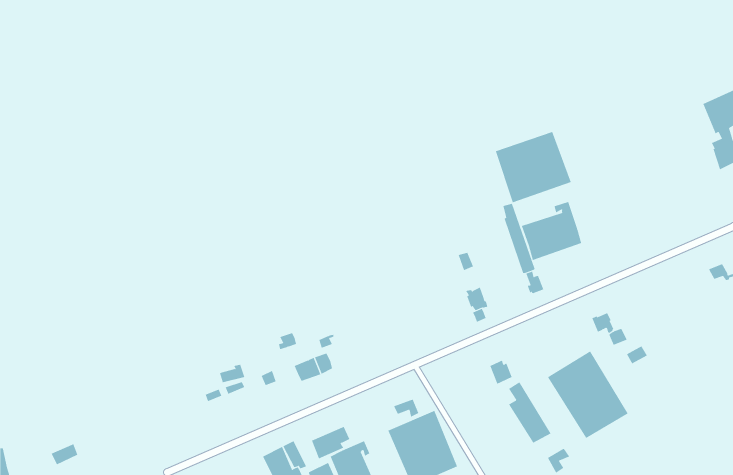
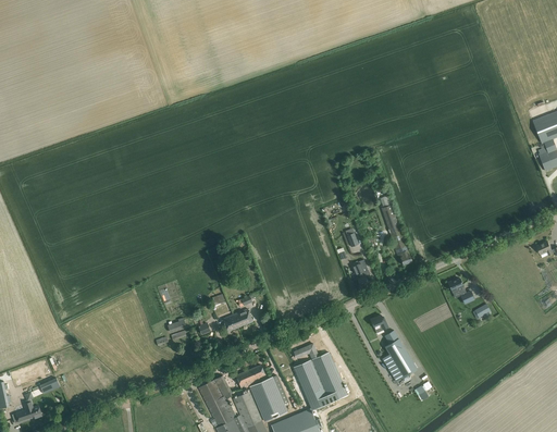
building: [495,131,571,203] -> none
building: [521,201,582,261] -> none
building: [547,350,628,439] -> none

